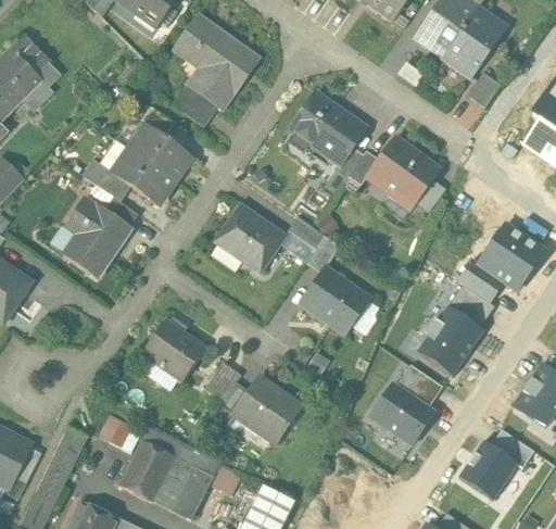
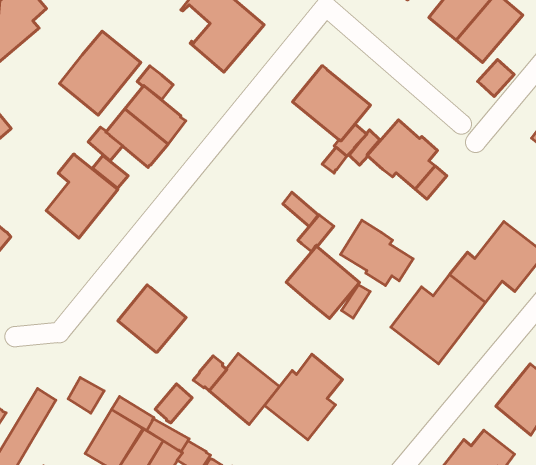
building: none -> [59,31,141,115]
building: [172,83,219,127] -> none
building: [215,203,286,272] -> none
building: none -> [341,220,413,285]
building: [205,362,240,400] -> [155,384,192,423]
building: [368,364,441,446] -> [264,354,342,440]

